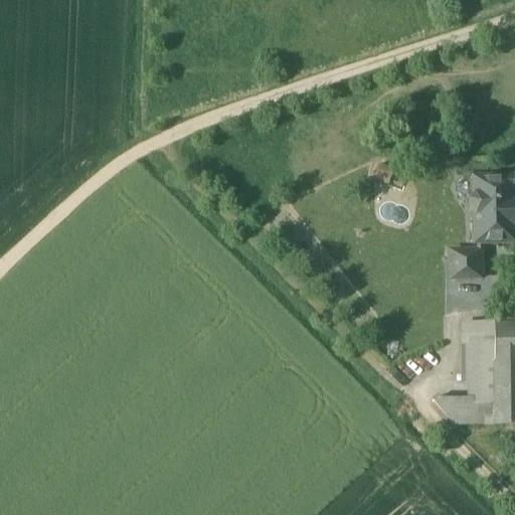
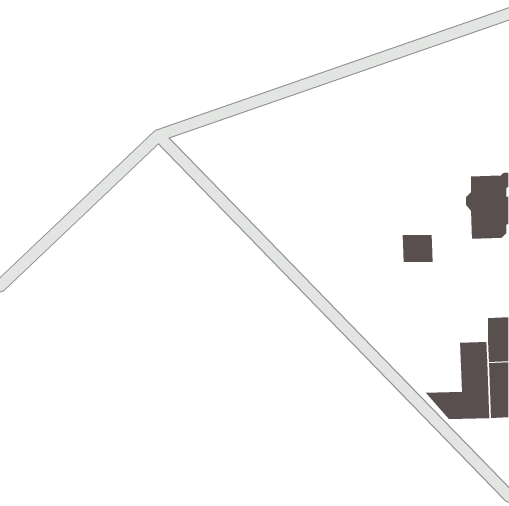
building: [449,249,481,278] -> [402,235,434,262]
building: [460,321,492,346] -> none

